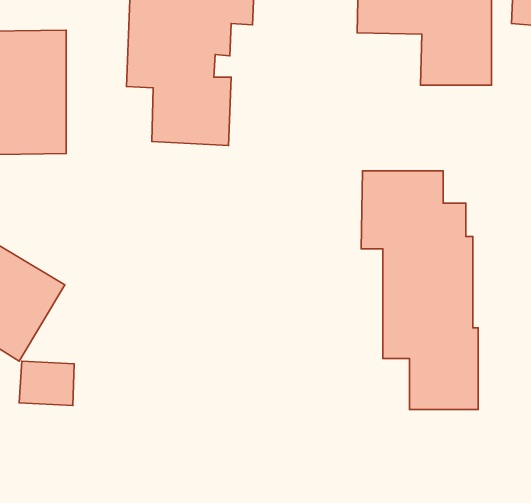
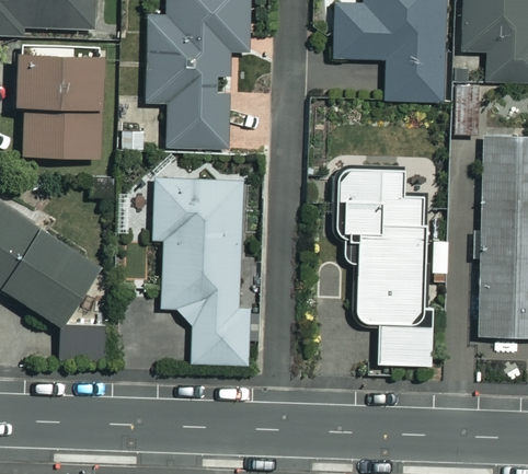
building: none -> [153,178,250,365]

